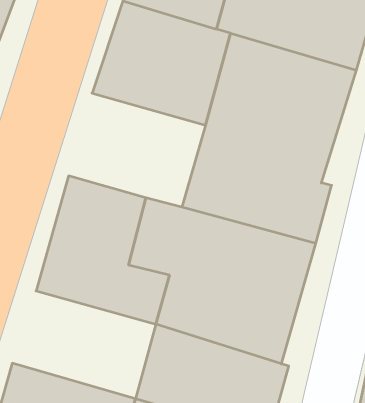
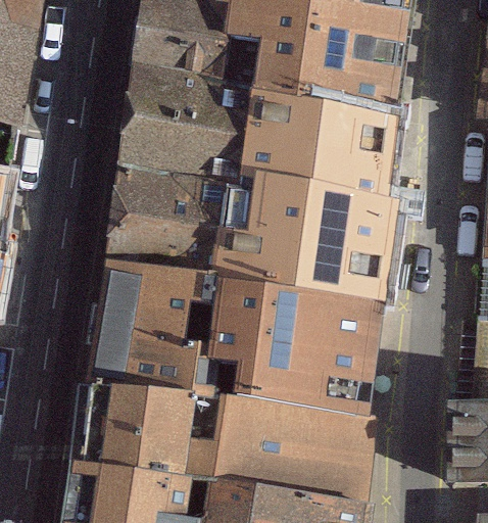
building: none -> [109,165,246,272]
building: none -> [81,385,227,483]

